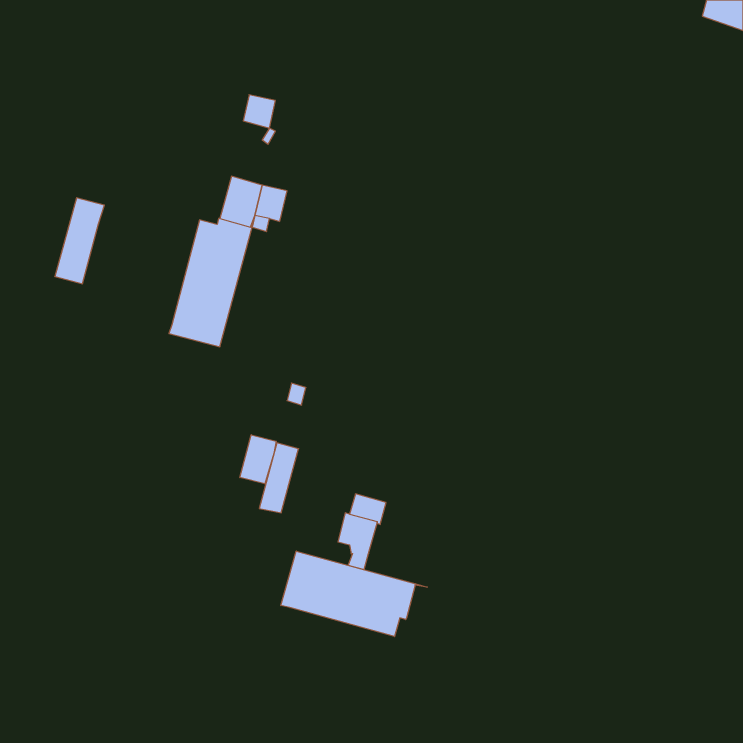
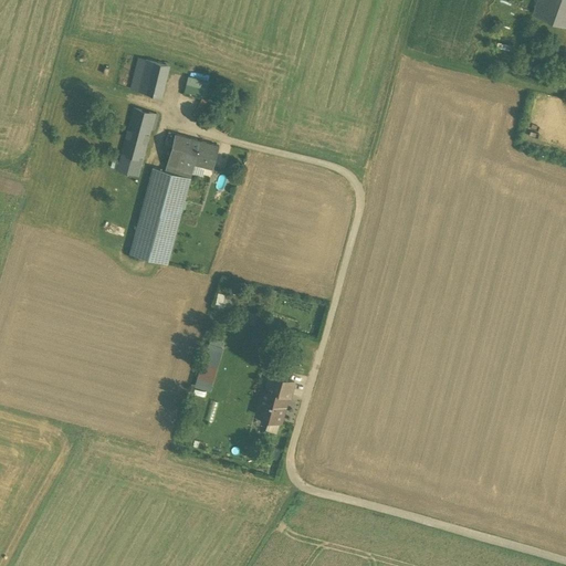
building: none -> [130,59,167,96]
building: [55,198,104,284] -> [116,109,154,175]
building: [240,435,276,484] -> none
building: [281,551,427,637] -> none

